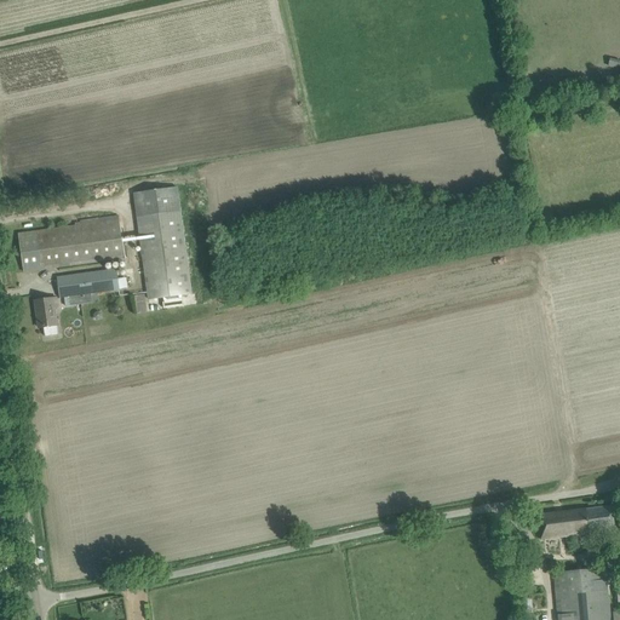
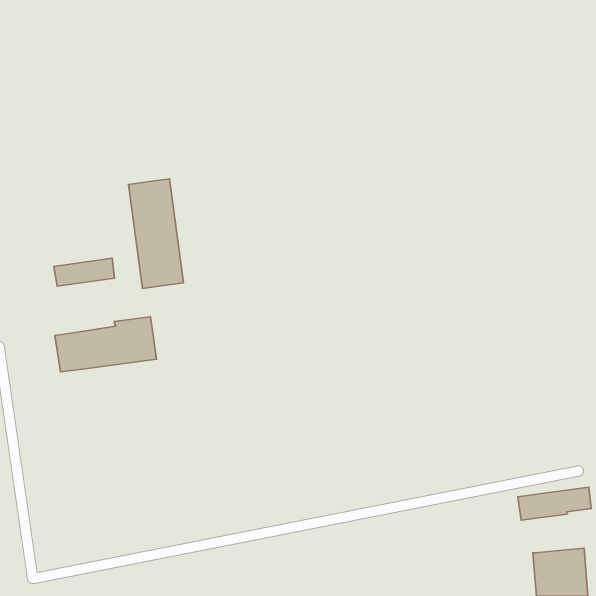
building: [17,214,122,271] -> [55,317,156,372]
building: [34,297,57,335] -> none

